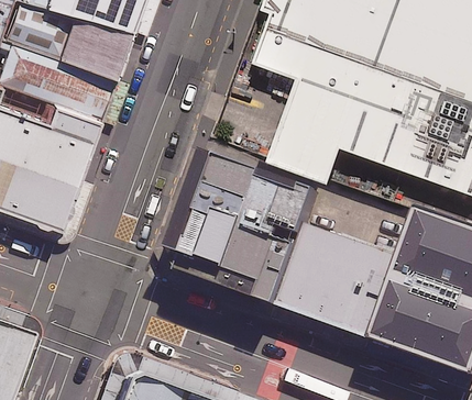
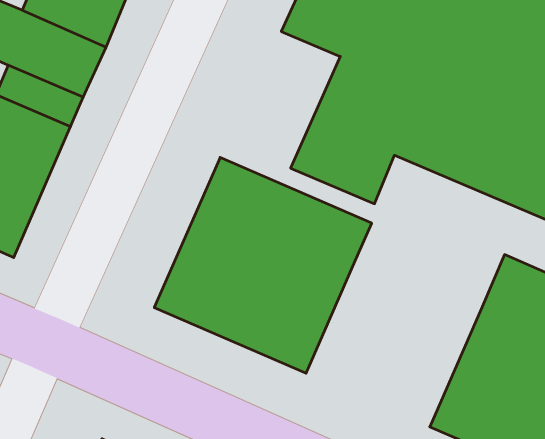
building: [282,219,406,340] -> none

